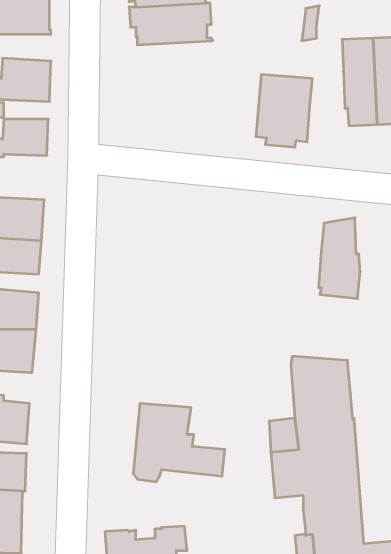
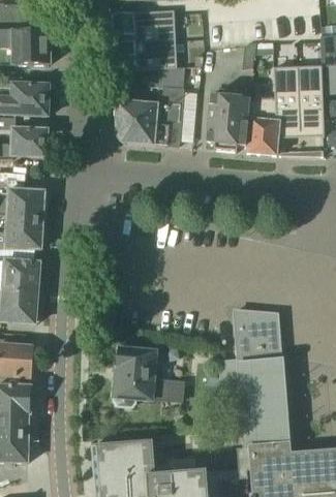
building: none -> [116,70,186,146]
building: [319,218,360,299] -> [246,93,278,155]

